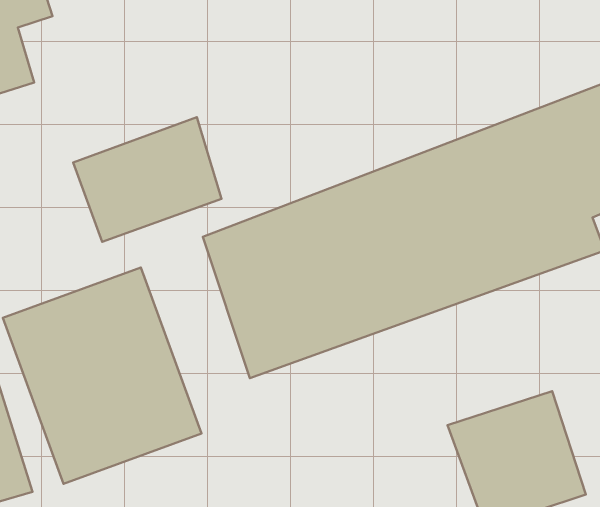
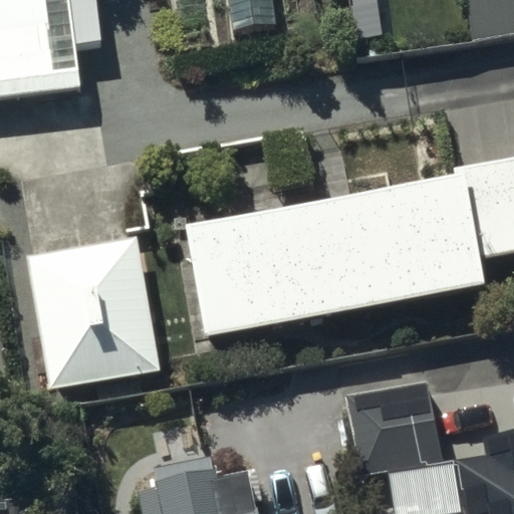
building: [73,117,221,242] -> none

